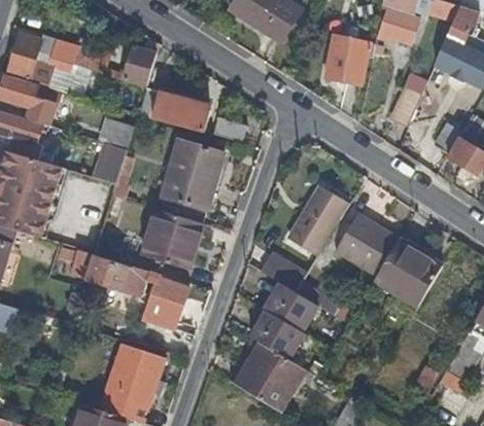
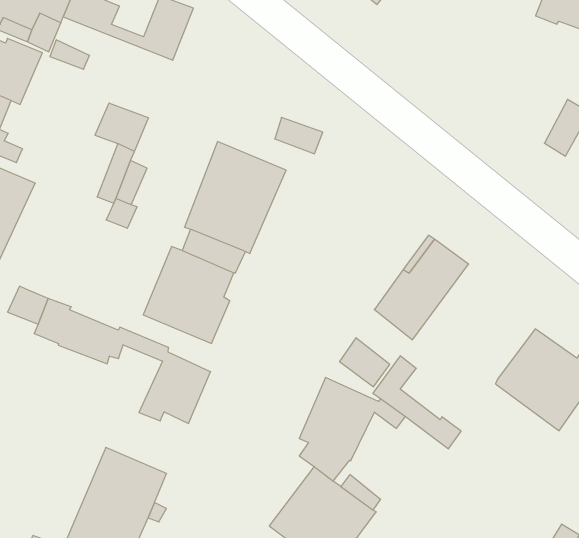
building: [323,36,372,85] -> none
building: [136,87,206,132] -> none
building: [334,213,399,276] -> none

